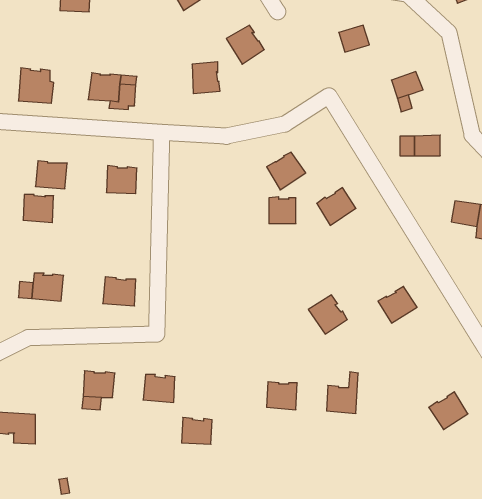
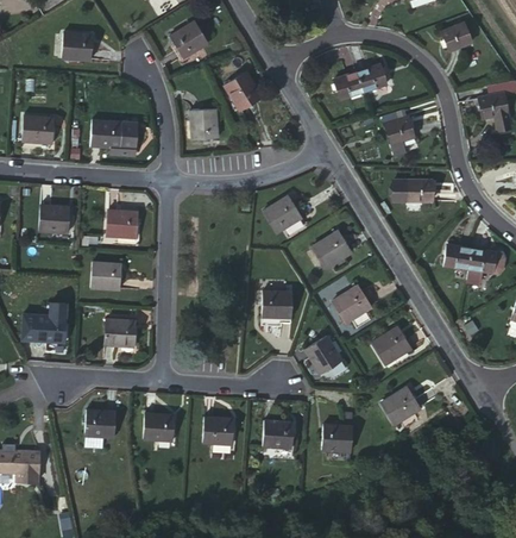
building: none -> [358,64,388,92]
building: [23,195,54,223] -> [92,262,121,289]
building: [269,197,296,224] -> [264,290,290,317]
building: none -> [333,286,371,323]
building: [429,392,468,430] -> [382,387,420,424]
building: [182,417,212,444] -> [203,417,233,443]

